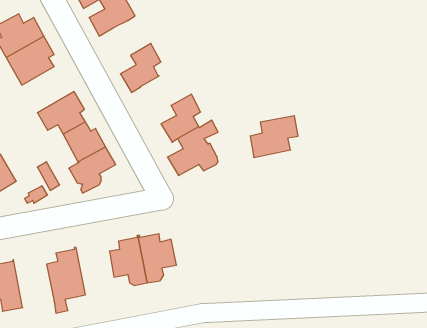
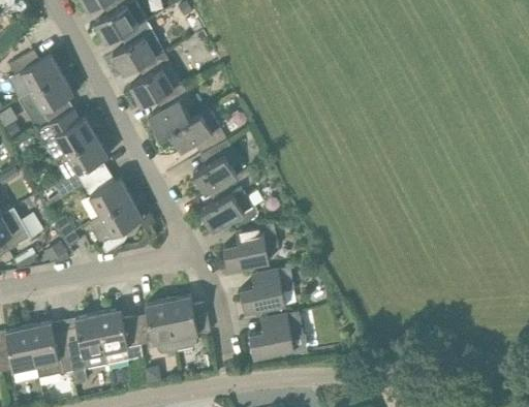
building: none -> [129,53,181,107]
building: none -> [37,109,95,161]
building: none -> [168,114,226,153]
building: [250,116,298,157] -> [223,224,277,271]
building: none -> [239,267,293,314]
building: none -> [97,310,143,365]
building: none -> [248,311,302,358]
building: none -> [27,323,72,379]

